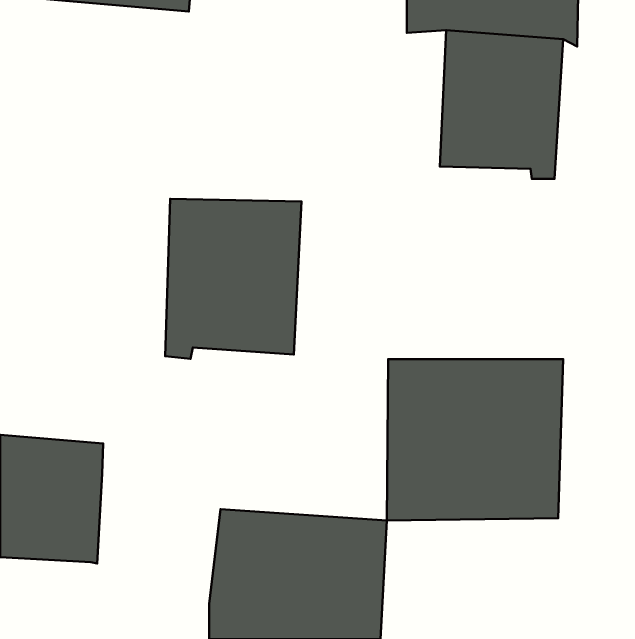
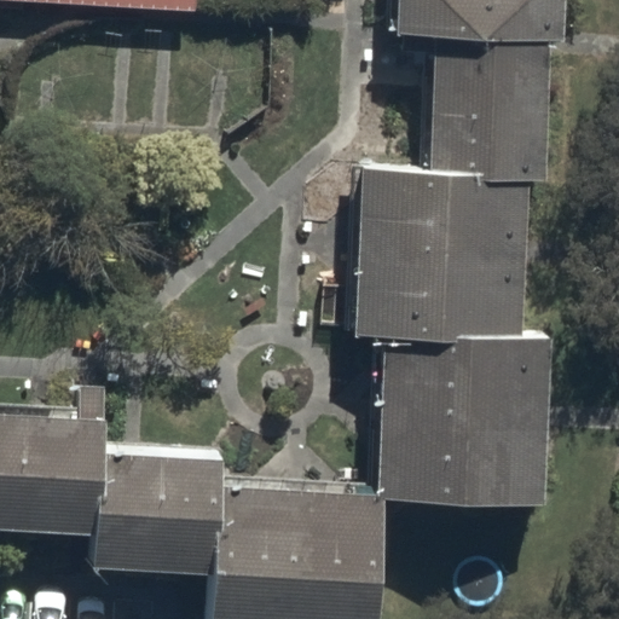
building: none -> [355,157,519,345]
building: [165,199,301,359] -> none
building: none -> [93,455,224,579]

